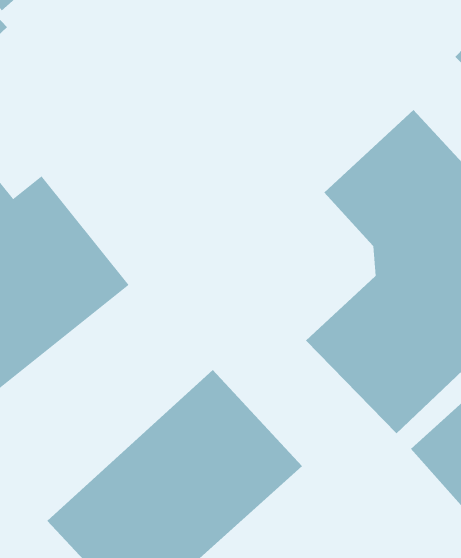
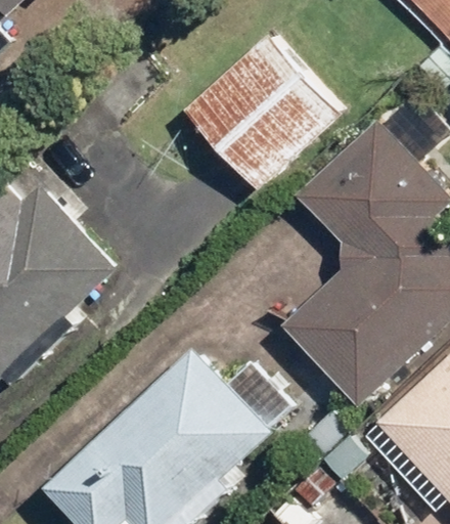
building: none -> [191,32,345,185]

